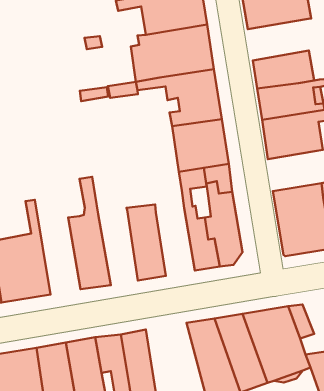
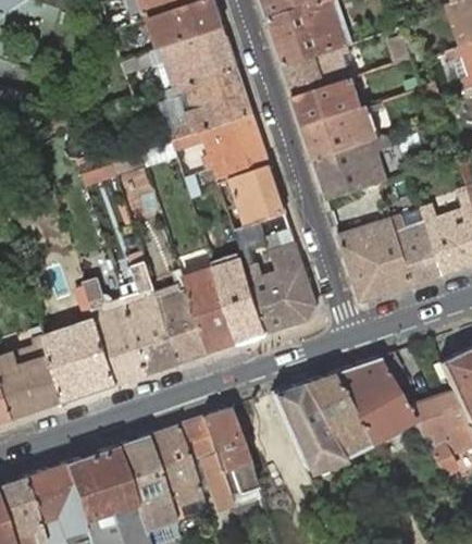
building: none -> [284,44,358,98]
building: none -> [84,280,150,385]
building: none -> [156,270,210,364]
building: none -> [218,269,270,345]

